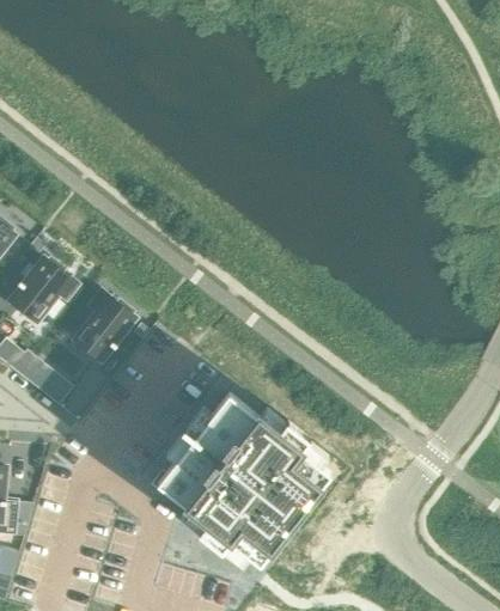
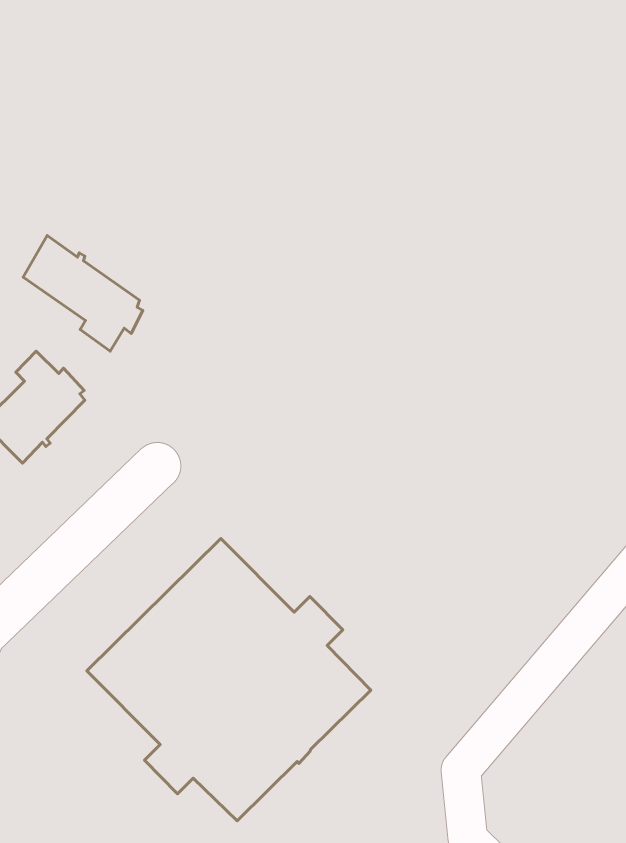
building: none -> [23,236,143,351]

